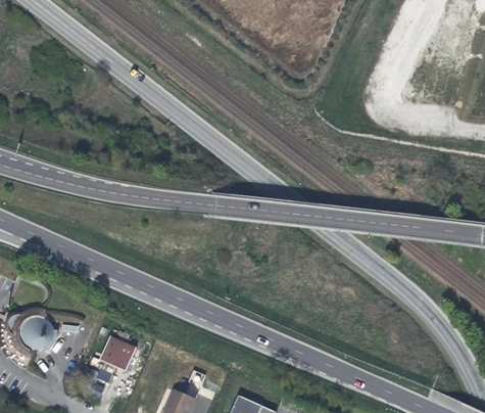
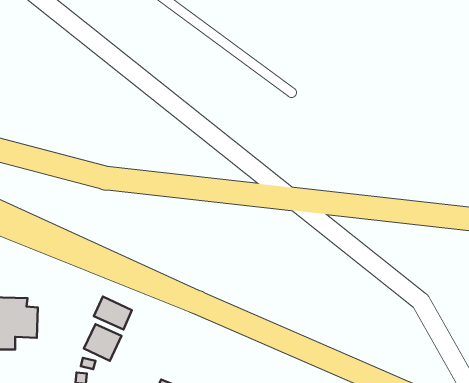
building: none -> [94,296,132,330]

